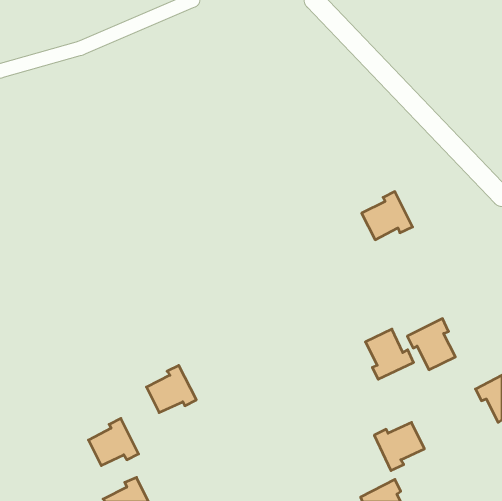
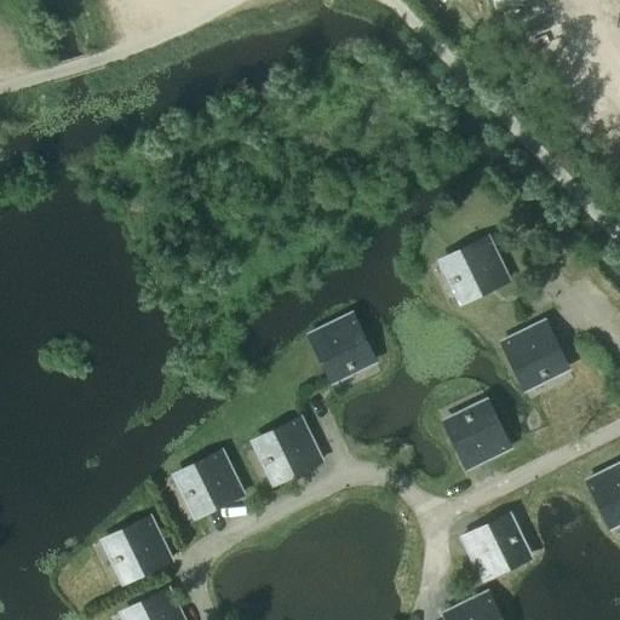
building: none -> [309,314,367,375]
building: [407,319,455,370] -> [501,321,561,384]
building: none -> [259,418,321,477]

